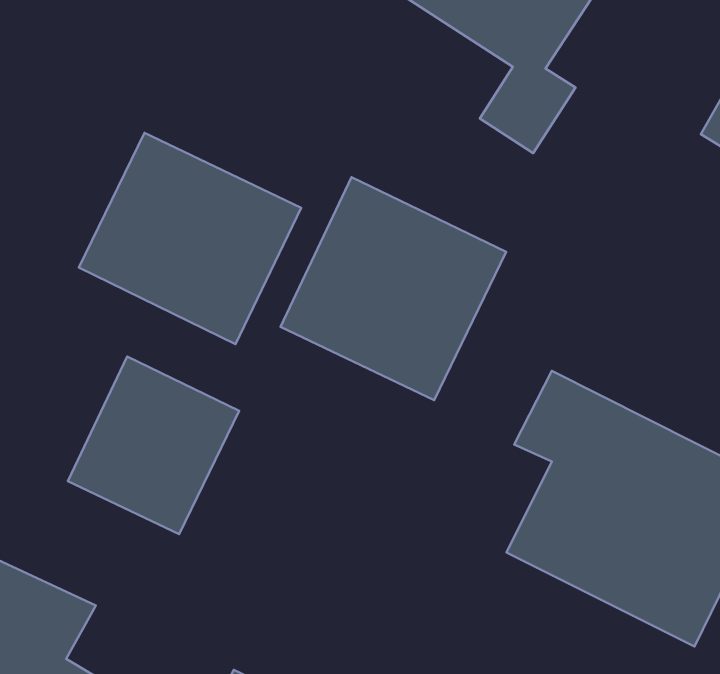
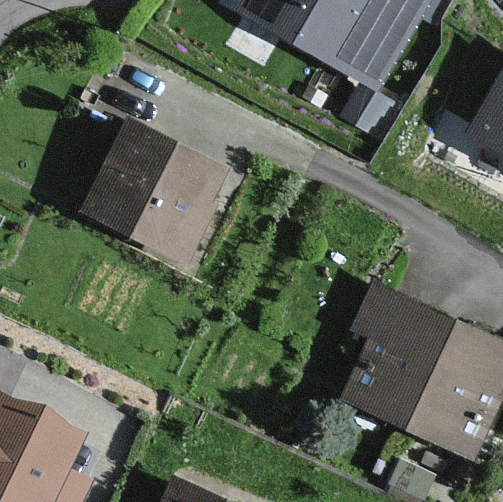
building: [280,177,506,400] -> none
building: [68,357,239,534] -> none

